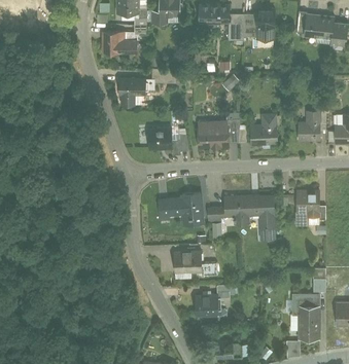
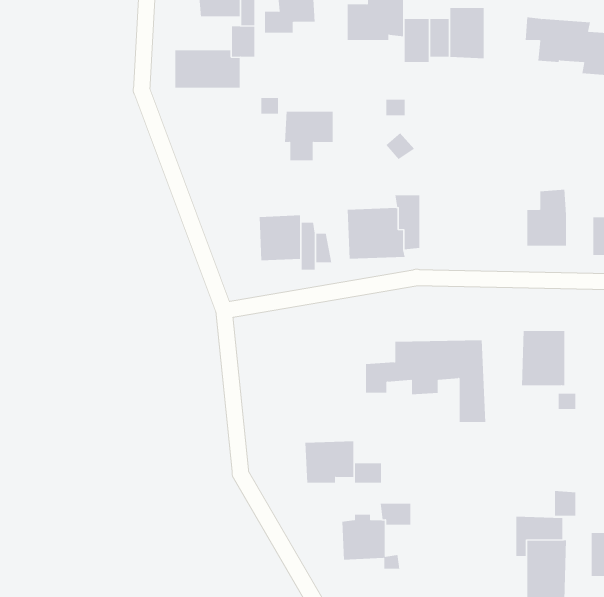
building: [119,77,147,105] -> [284,111,334,161]
building: [251,112,280,145] -> none
building: [160,192,206,224] -> none

